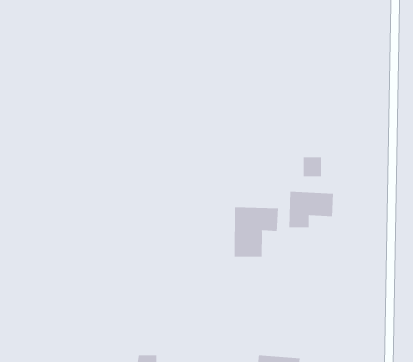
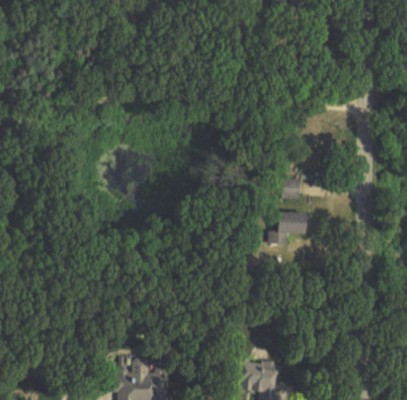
building: [234,207,279,257] -> none

